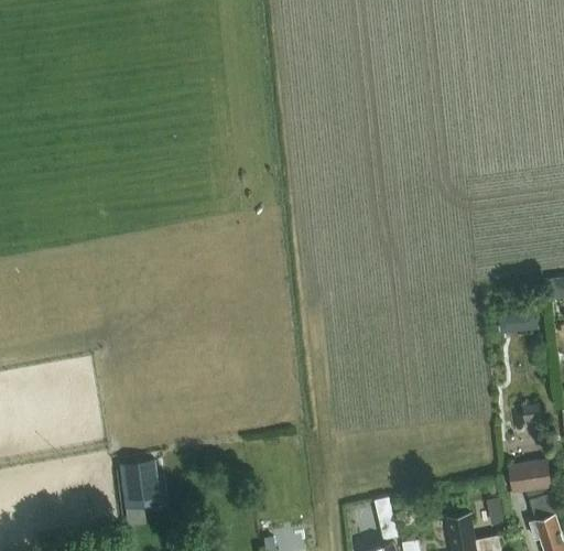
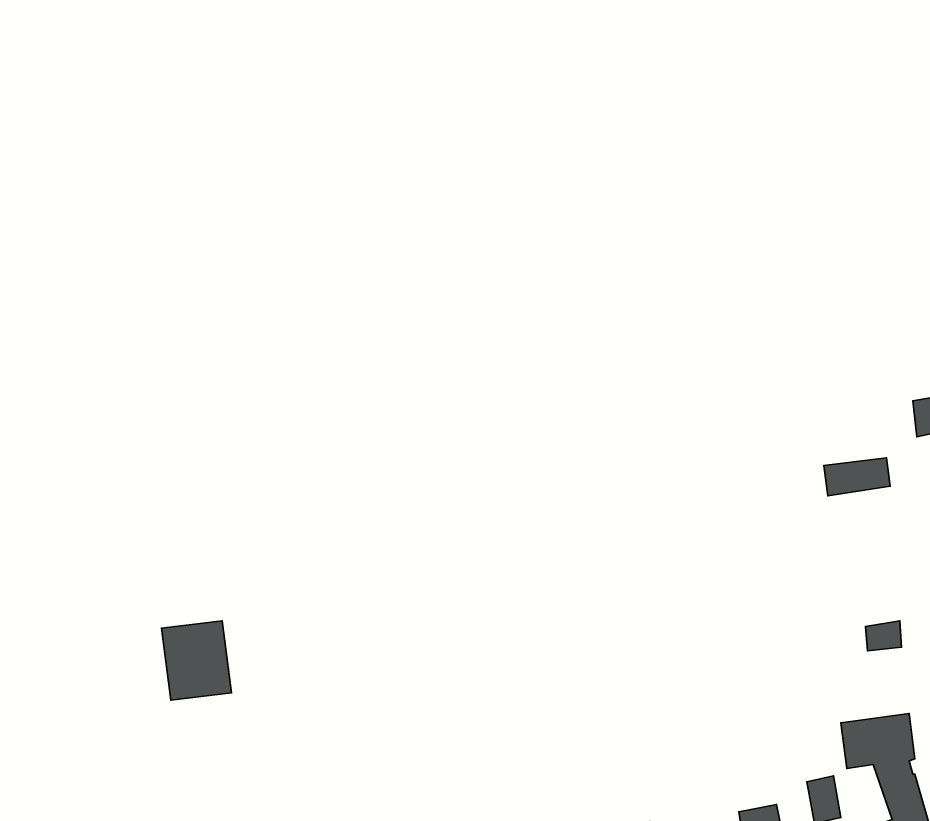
building: [118,461,159,507] -> [161,621,232,700]

